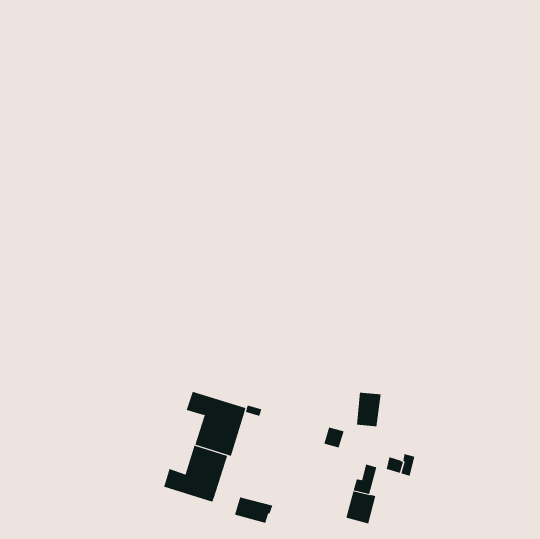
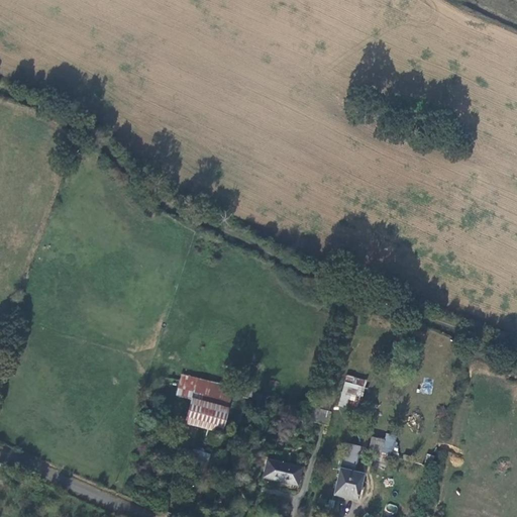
building: [163,445,228,502] -> none
building: [234,497,273,523] -> [263,456,300,482]

